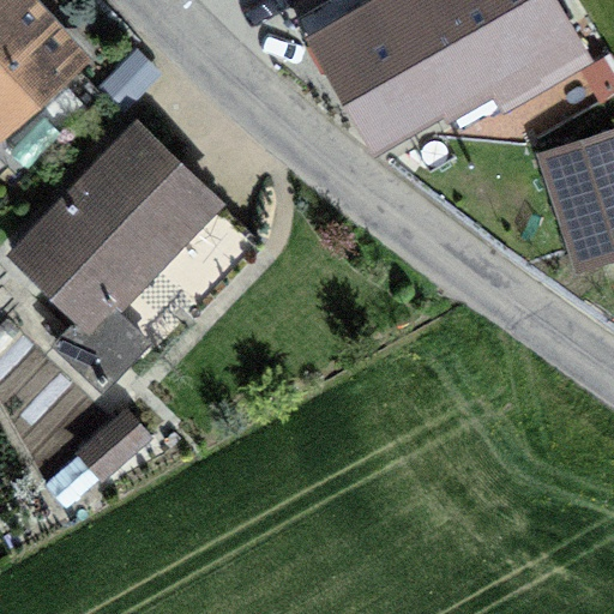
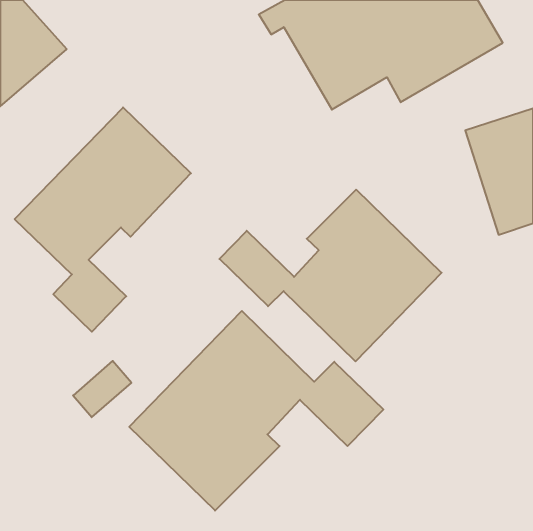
building: none -> [219,190,442,361]
building: none -> [129,311,383,511]

